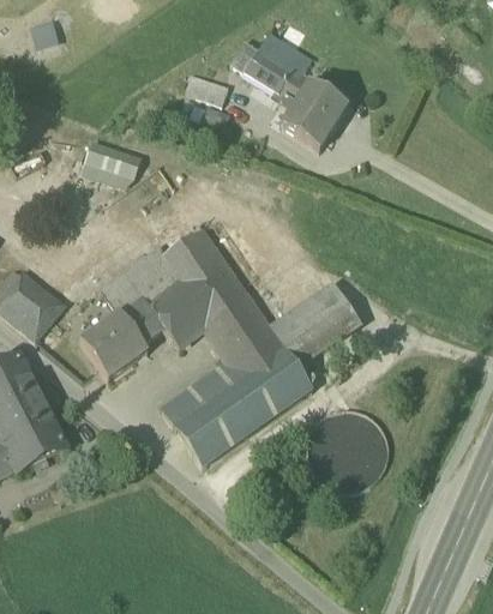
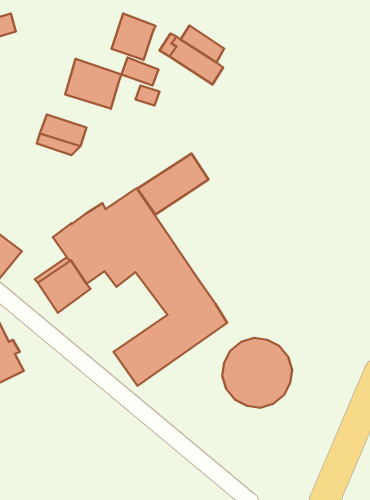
building: none -> [112,14,155,60]
building: none -> [65,59,122,109]
building: [279,82,347,151] -> none
building: [276,293,361,366] -> [138,153,208,214]
building: [161,360,240,425] -> none

